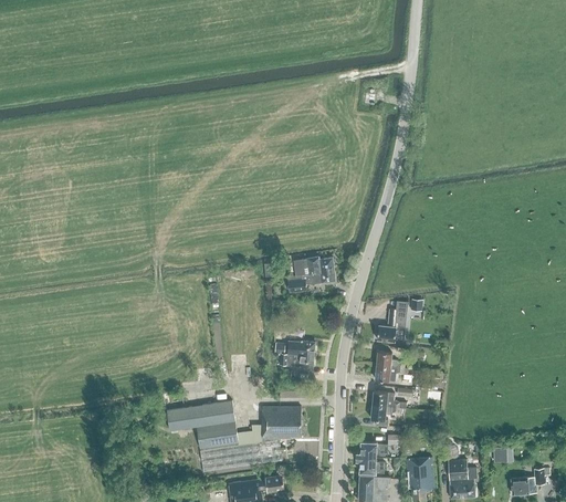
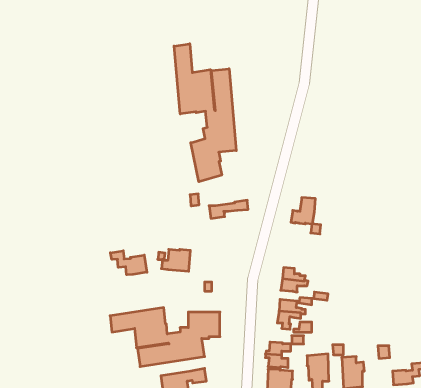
building: none -> [174,44,236,182]
building: [294,257,334,276] -> none
building: [377,310,407,342] -> [291,198,315,224]
building: none -> [110,251,147,275]
building: [275,341,315,367] -> [158,249,190,271]

